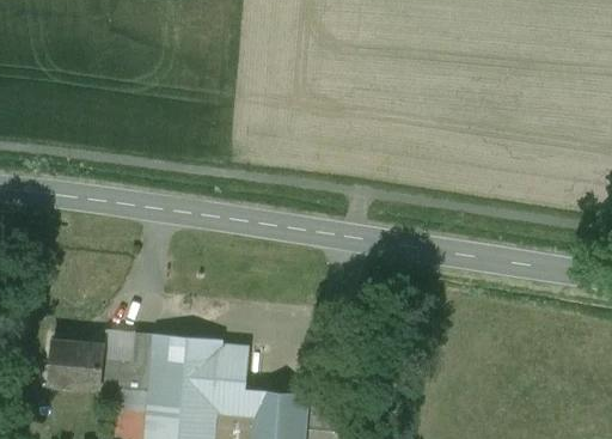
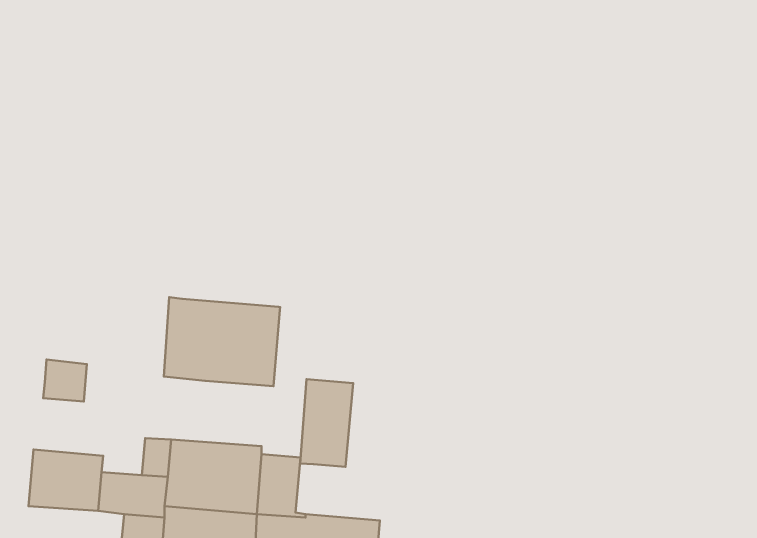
building: none -> [164,297,280,386]
building: none -> [300,379,353,467]
building: [103,330,135,361] -> [43,359,87,402]

